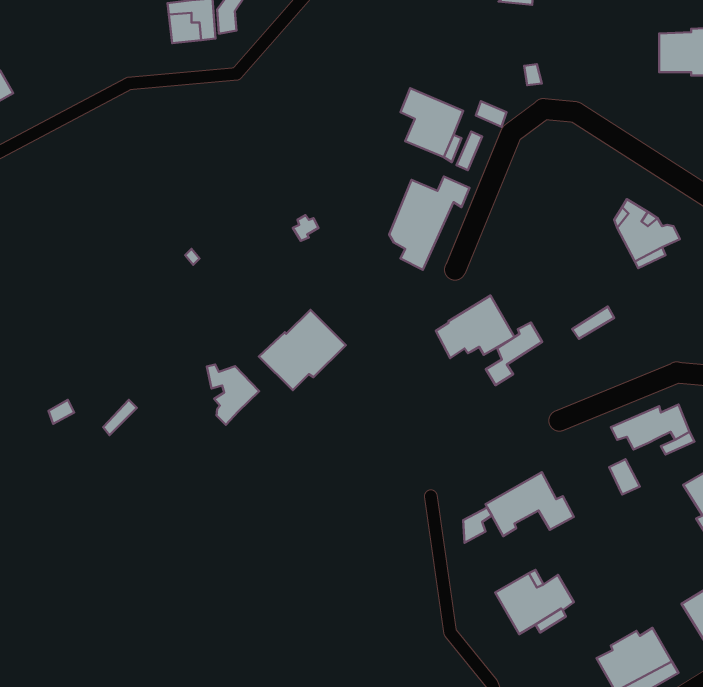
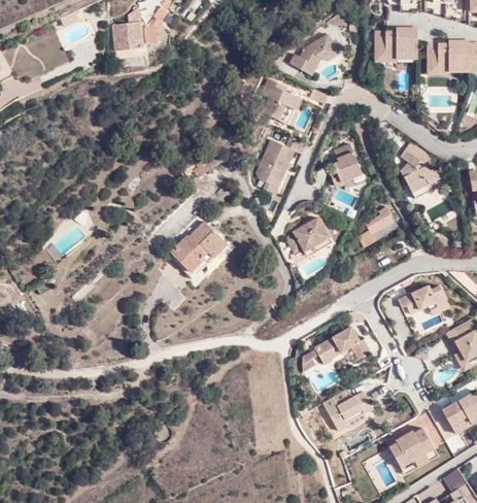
building: none -> [374,28,417,59]
building: none -> [288,32,339,75]
building: none -> [328,141,363,188]
building: [486,323,542,385] -> [359,207,395,247]
building: [207,364,259,425] -> none

